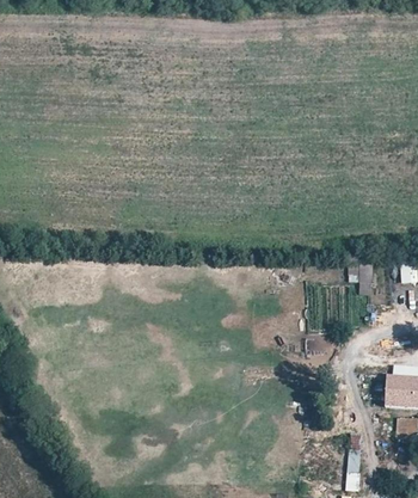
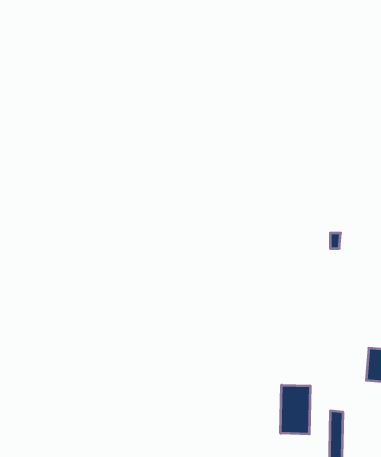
building: none -> [281,385,310,434]

